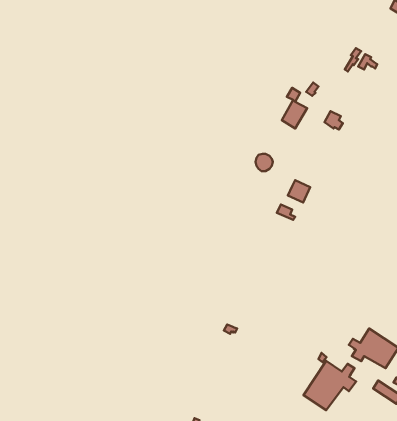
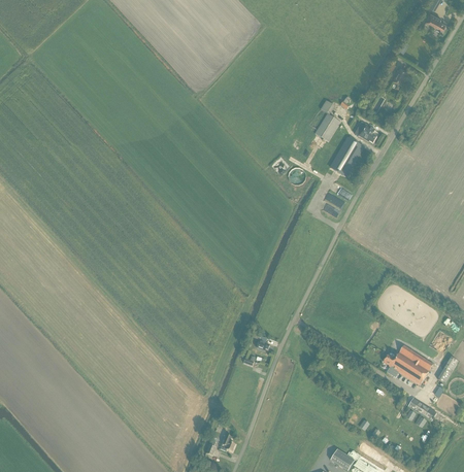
building: none -> [331,138,362,175]
building: [304,361,356,410] -> none

